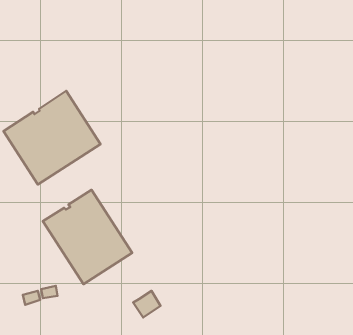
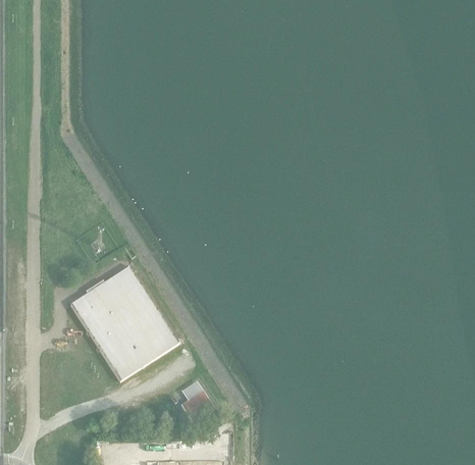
building: [3,91,101,184] -> none

